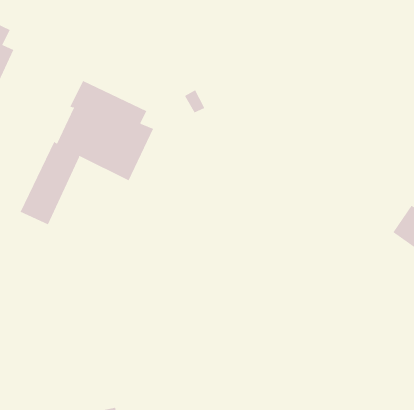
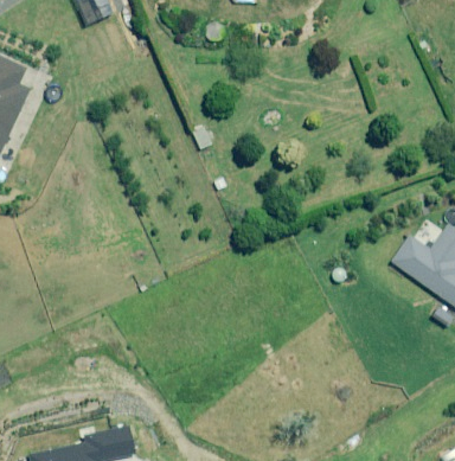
building: [20,80,154,225] -> none

